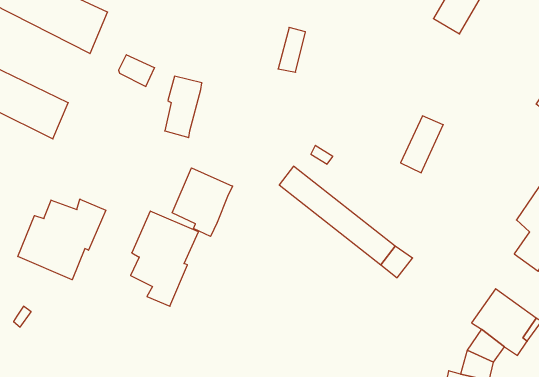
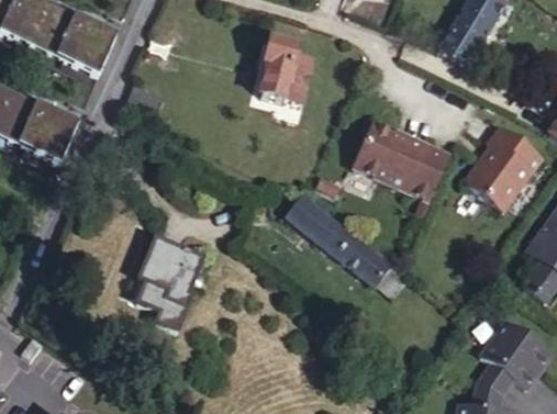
building: [165,76,202,138] -> [261,41,299,102]
building: none -> [355,122,432,190]
building: none -> [467,123,542,208]
building: [172,168,233,236] -> none
building: [18,199,106,280] -> none

